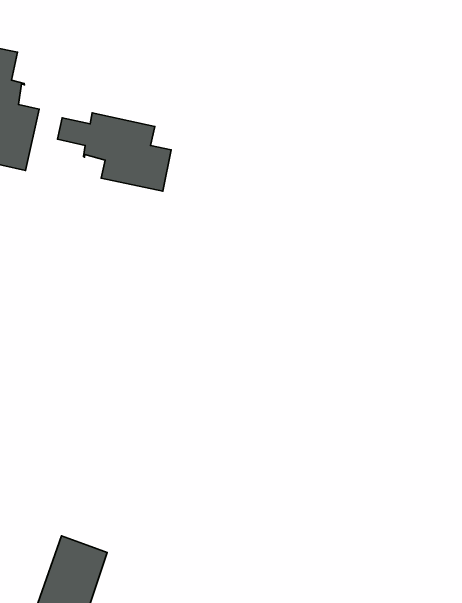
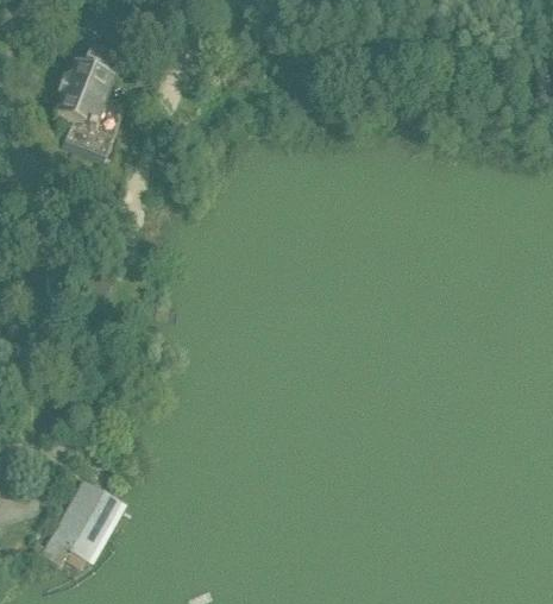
building: [57,113,171,191] -> none

